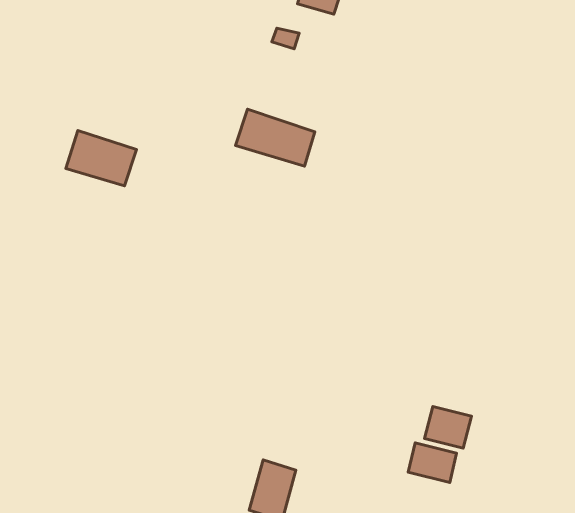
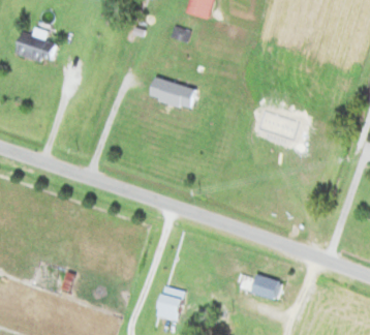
building: [66,130,137,186] -> [14,31,57,64]
building: [424,406,472,448] -> none

